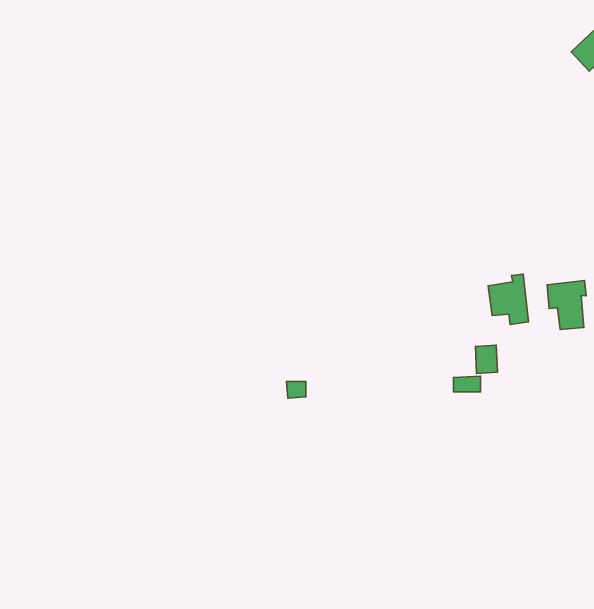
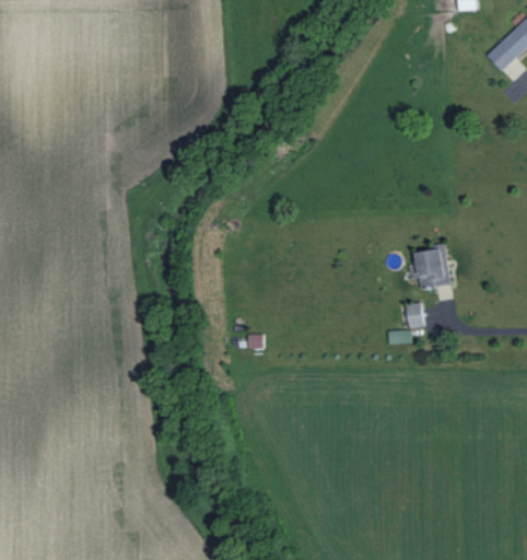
building: [547,281,586,329] -> none

